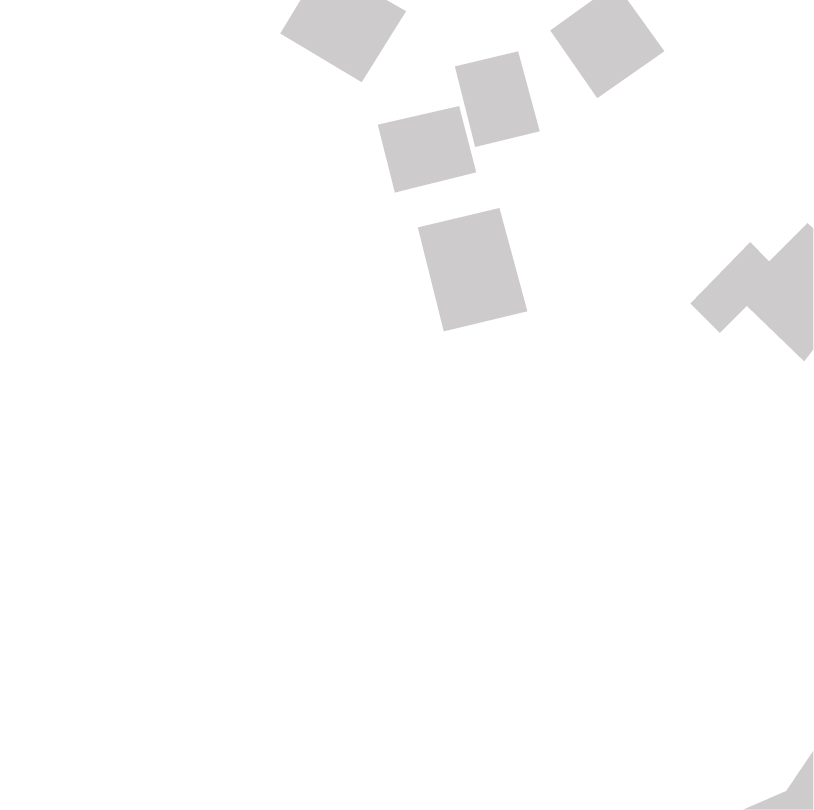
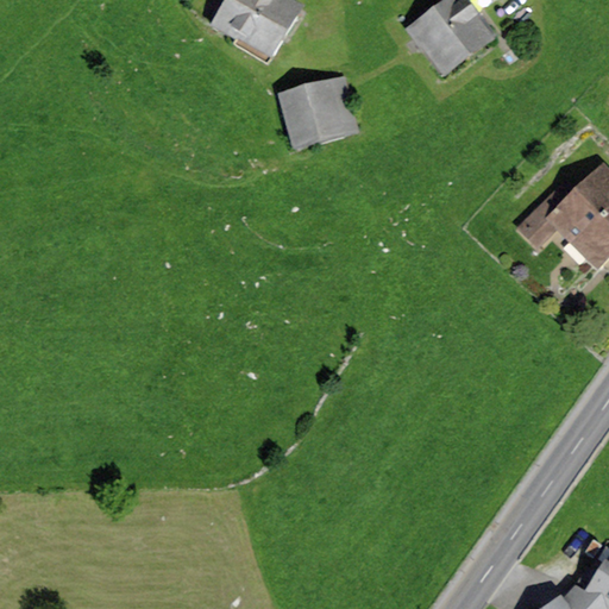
building: [454,51,540,148] -> none
building: [417,207,528,332] -> none

